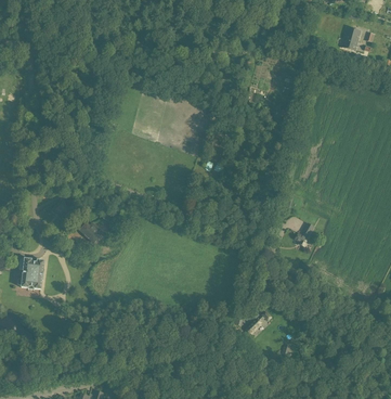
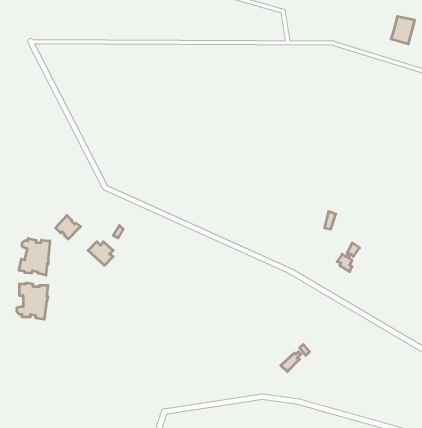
building: none -> [19,238,50,275]

